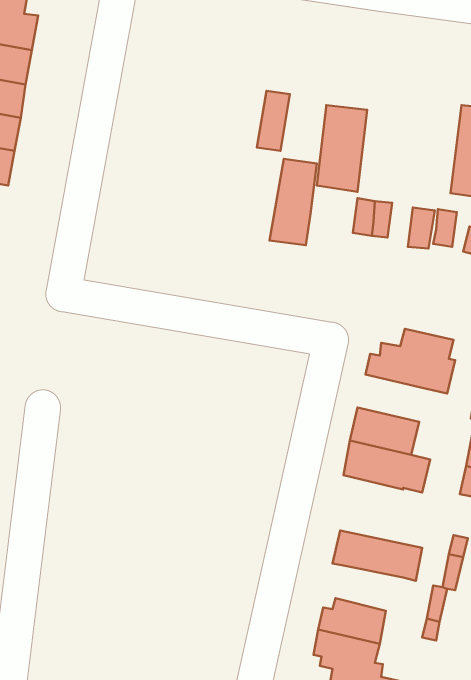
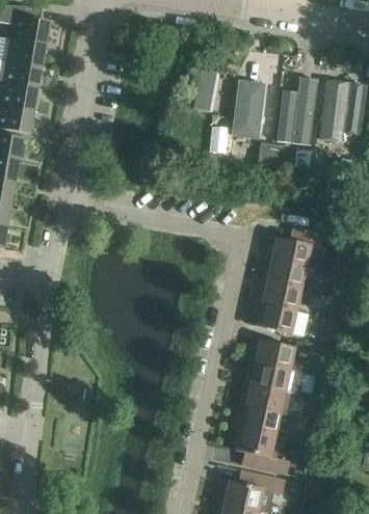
building: none -> [276,79,317,145]
building: none -> [261,259,306,290]
building: none -> [249,339,319,376]
building: none -> [240,384,291,415]

